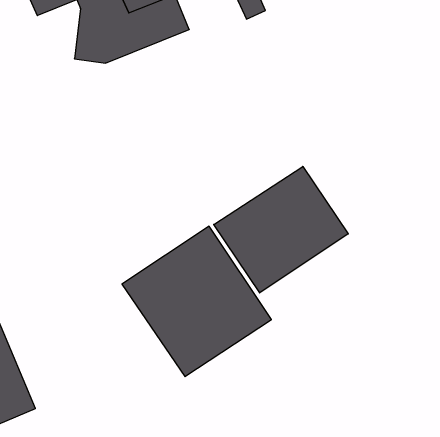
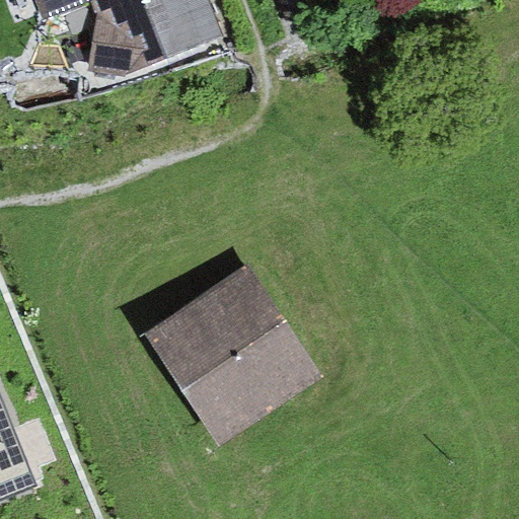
building: [214,166,348,293] -> none

